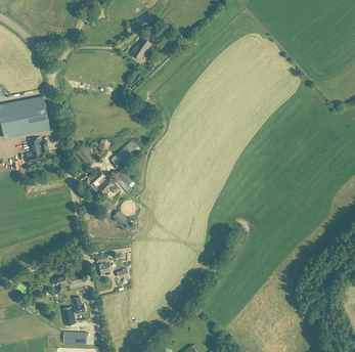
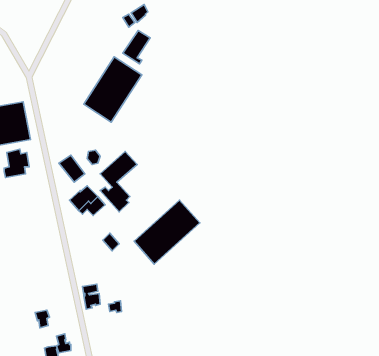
building: none -> [84,57,142,122]
building: none -> [134,200,200,264]

